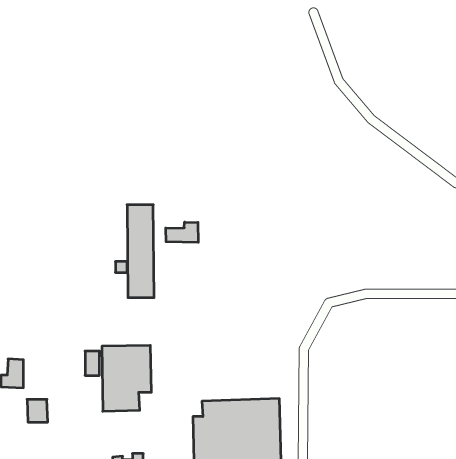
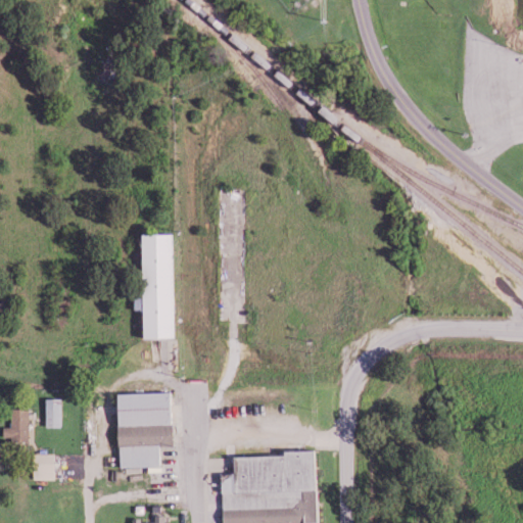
building: [166,222,198,242] -> none
building: [85,351,99,375] -> [43,399,59,427]

